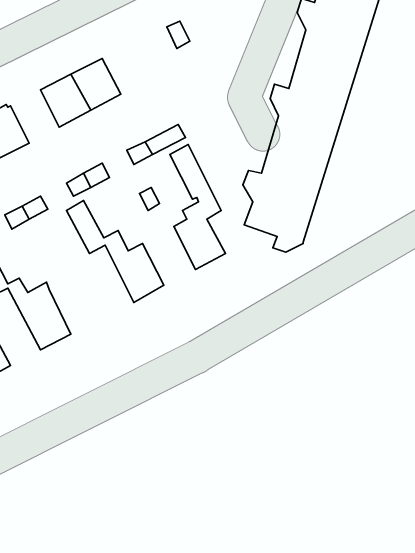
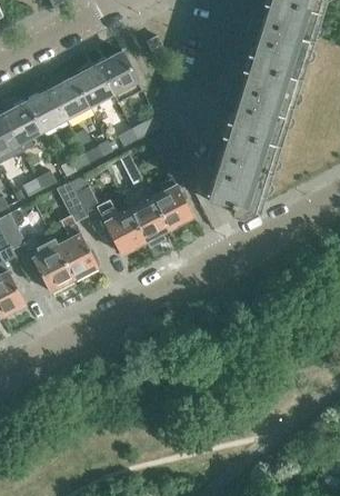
building: none -> [97,51,141,102]
building: none -> [26,89,63,130]
building: none -> [56,182,98,278]
building: none -> [128,188,169,240]

